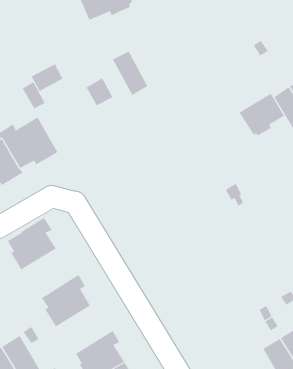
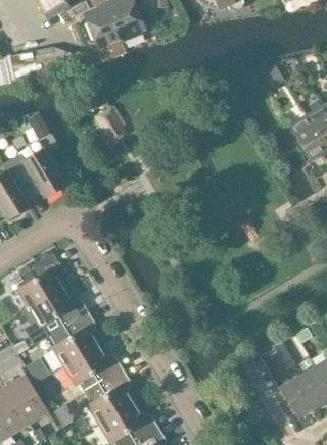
building: [112,51,148,96] -> none
building: [31,64,63,92] -> none
building: [239,93,285,136] -> none
building: none -> [24,284,88,344]
building: none -> [63,343,124,393]

